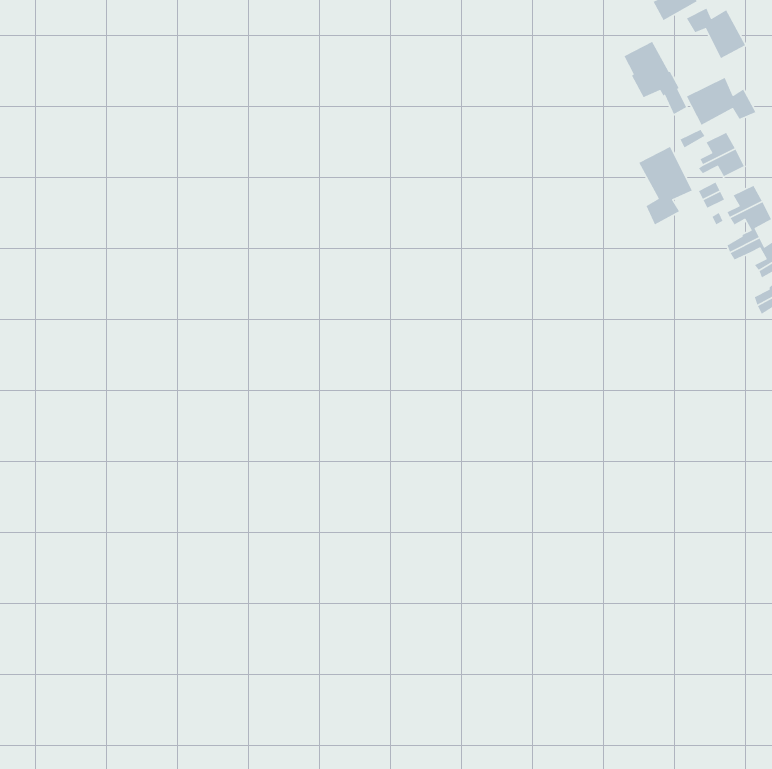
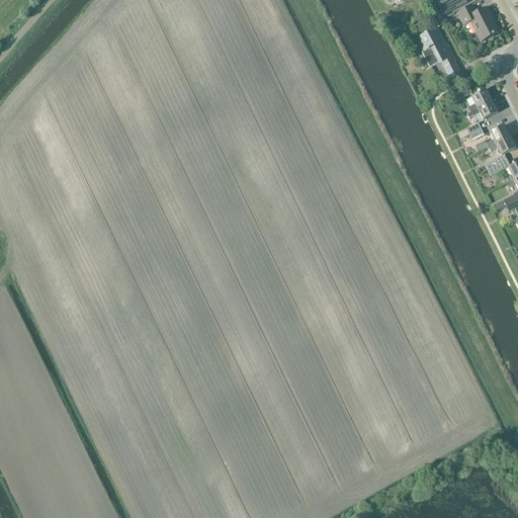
building: [686,77,756,126] -> none
building: [638,146,693,226] -> none

